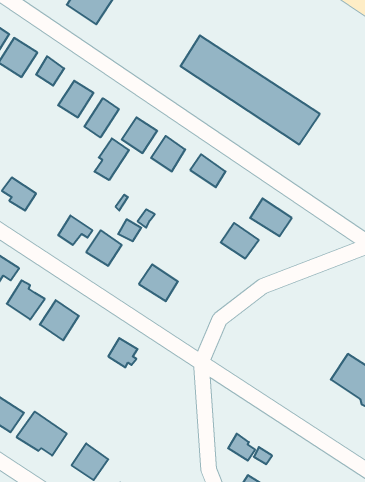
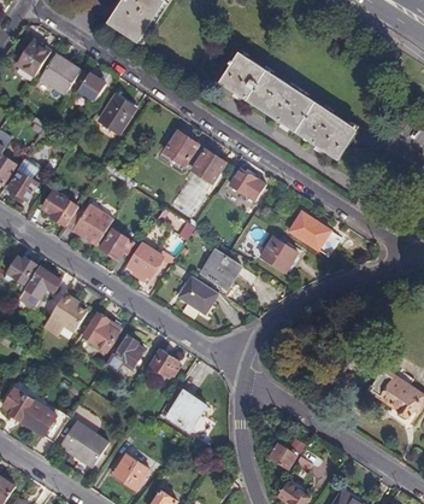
building: [84,98,119,137] -> none
building: [94,138,129,180] -> none
building: none -> [72,205,112,246]
building: none -> [200,248,240,286]
building: none -> [104,334,146,373]
building: none -> [160,386,205,429]

